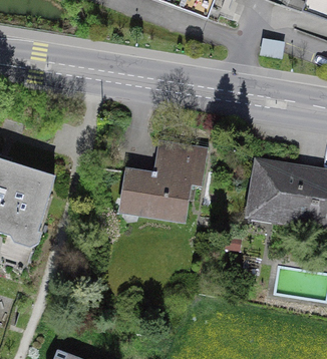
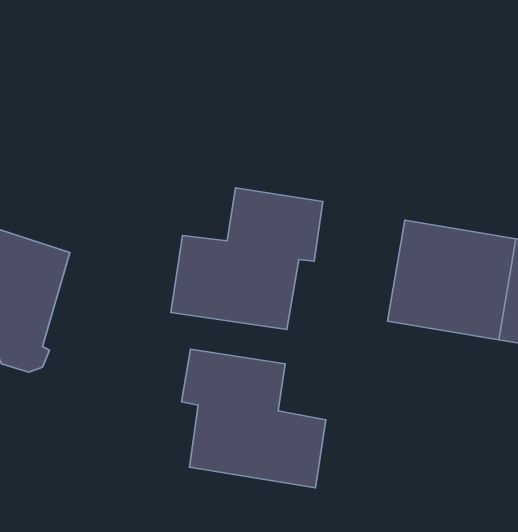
building: none -> [182,349,326,488]

